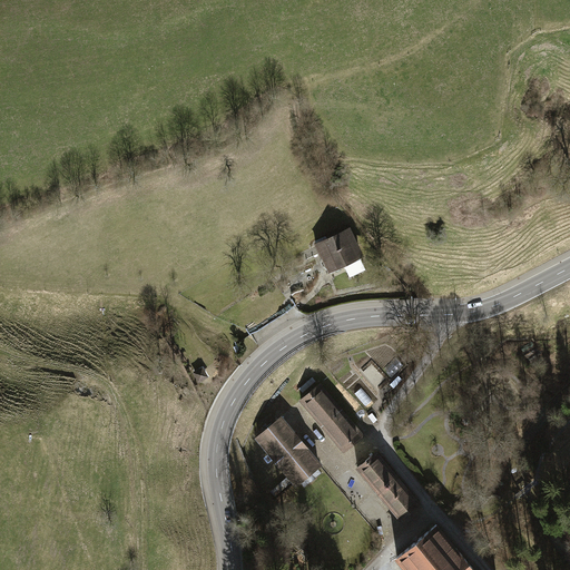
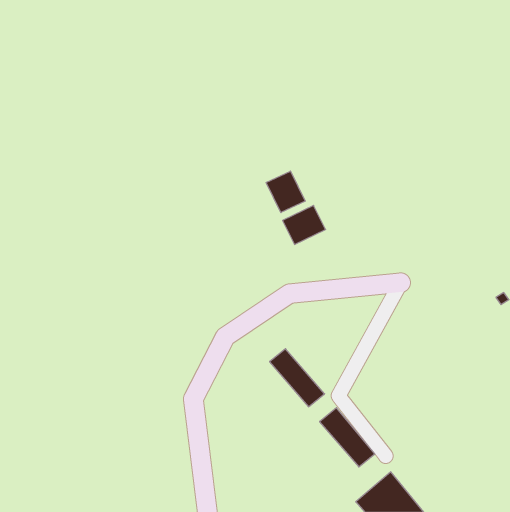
building: none -> [266,171,305,213]
building: [254,419,318,485] -> none

